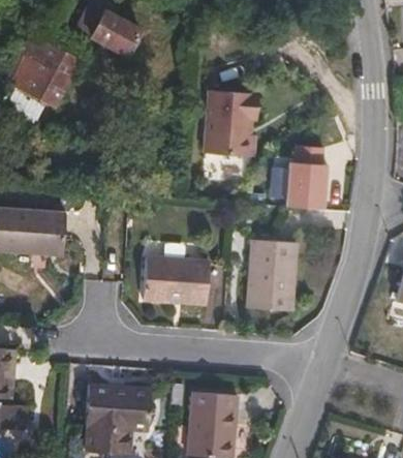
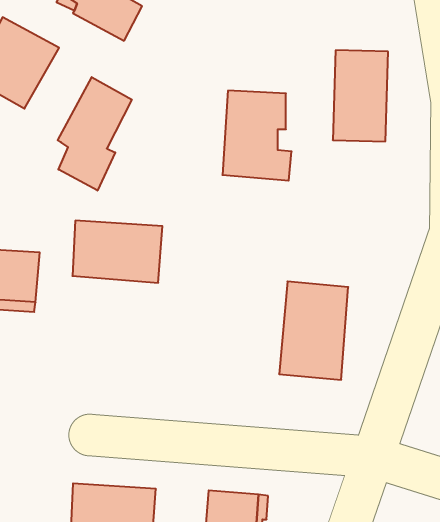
building: none -> [58,77,132,191]
building: [286,149,328,217] -> [333,50,388,141]
building: [140,259,207,306] -> [72,221,162,283]

